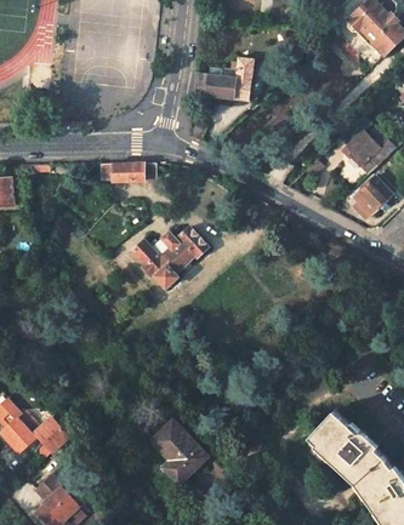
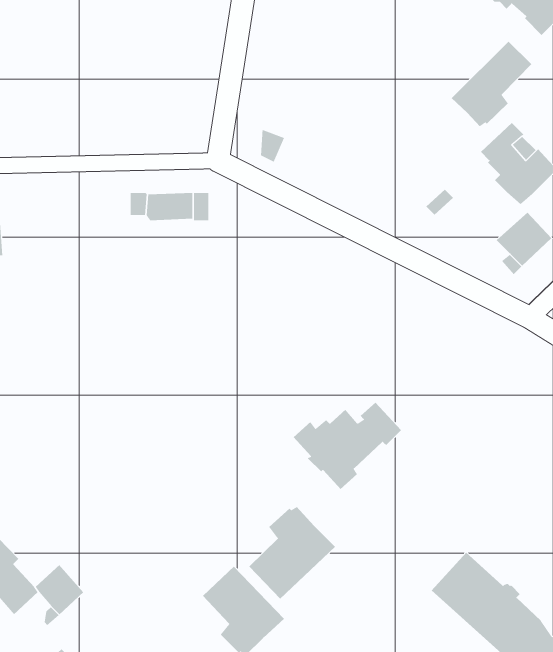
building: none -> [451,41,532,127]
building: [194,59,252,102] -> none
building: [132,228,207,289] -> [293,402,402,490]
building: none -> [248,506,336,599]

